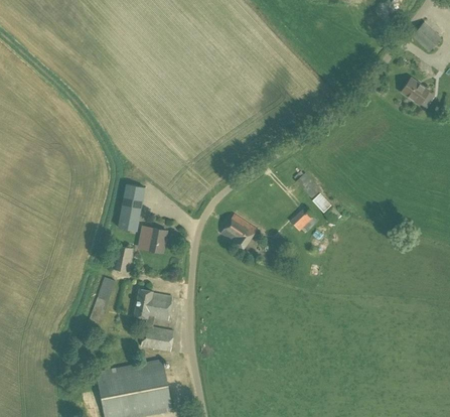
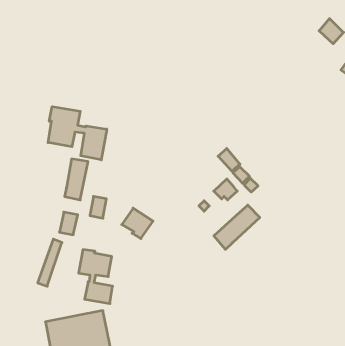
building: [401,80,429,105] -> none
building: none -> [48,107,107,160]
building: [220,215,257,250] -> [122,208,153,239]
building: none -> [214,205,260,249]

